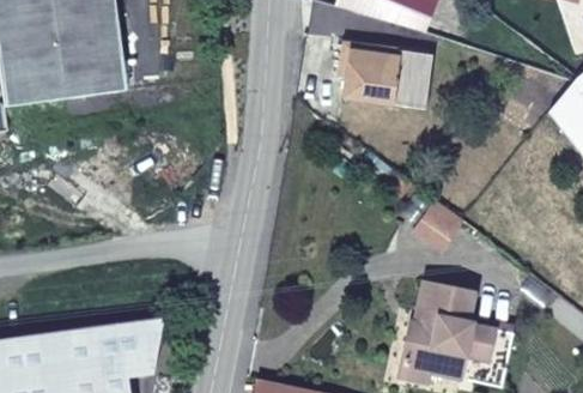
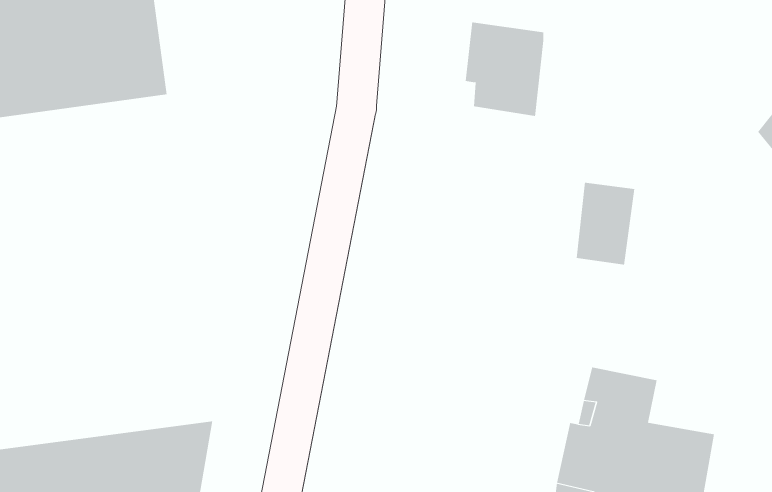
building: [389,50,431,109] -> [576,182,635,265]

